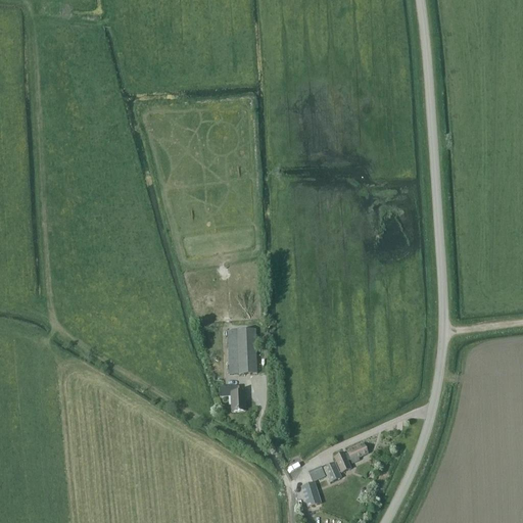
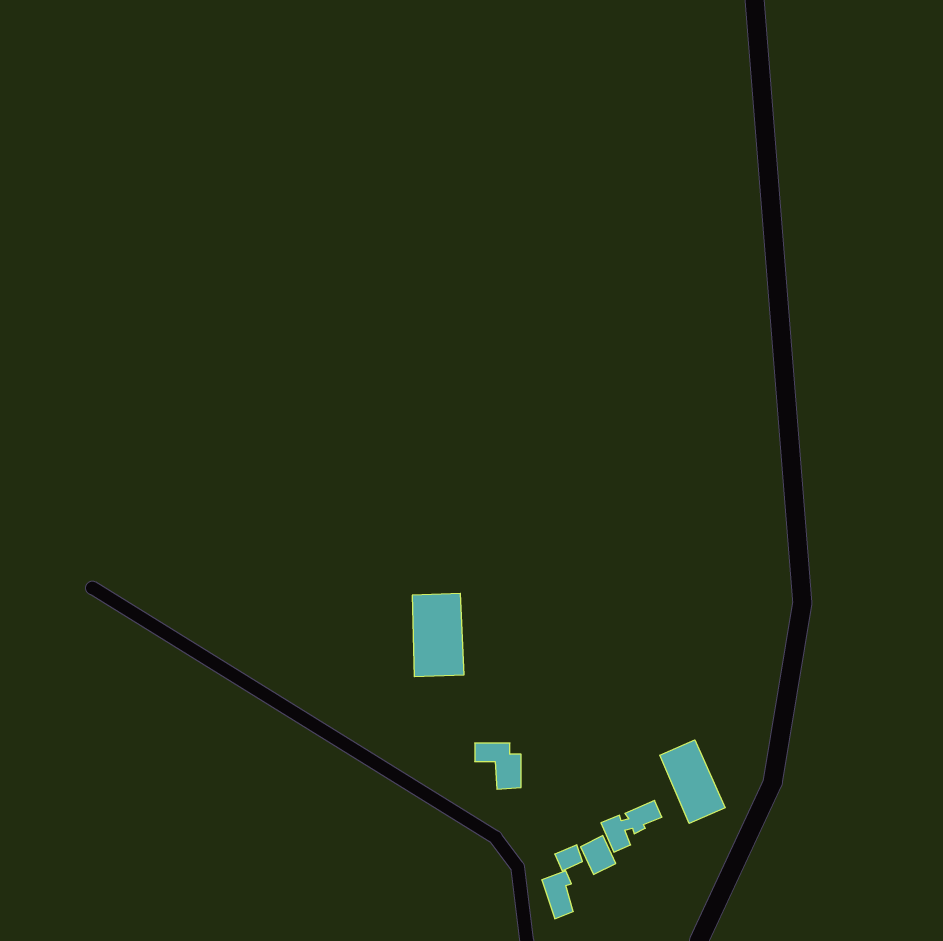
building: [218,386,243,412] -> [475,743,521,789]
building: none -> [660,740,725,823]

